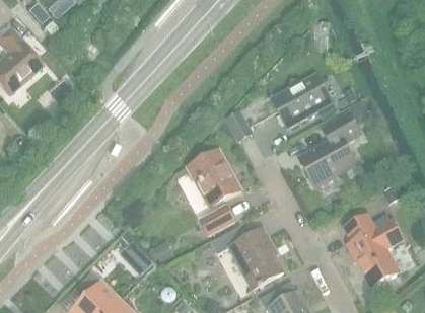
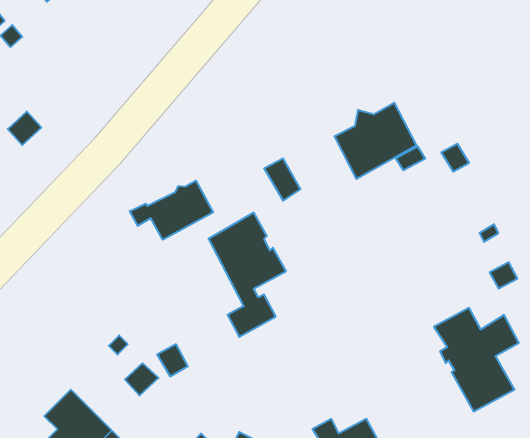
building: [299,112,360,185] -> none
building: none -> [130,181,213,240]
building: [211,225,284,288] -> none

